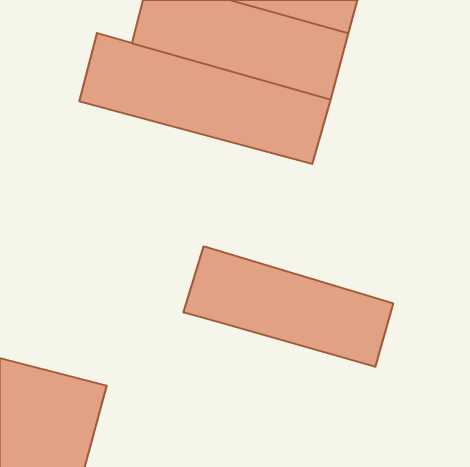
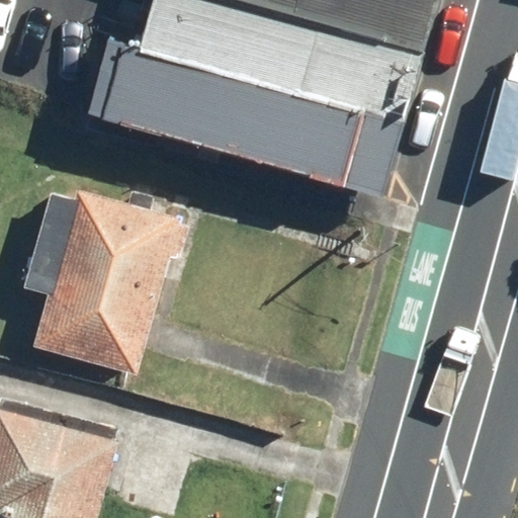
building: none -> [23,190,179,374]
building: [184,246,393,367] -> none

